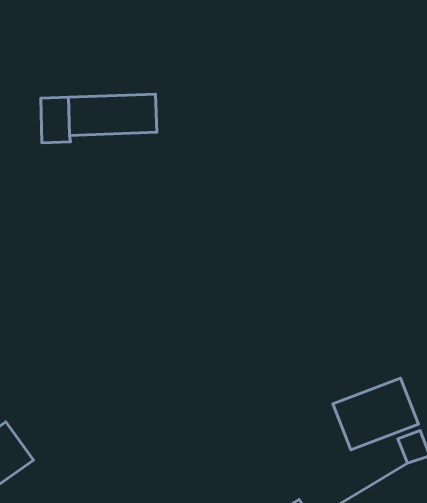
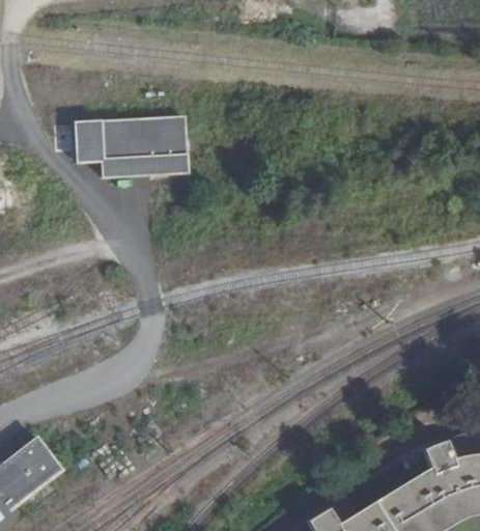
building: none -> [101,151,187,176]
building: [333,378,418,450] -> none

